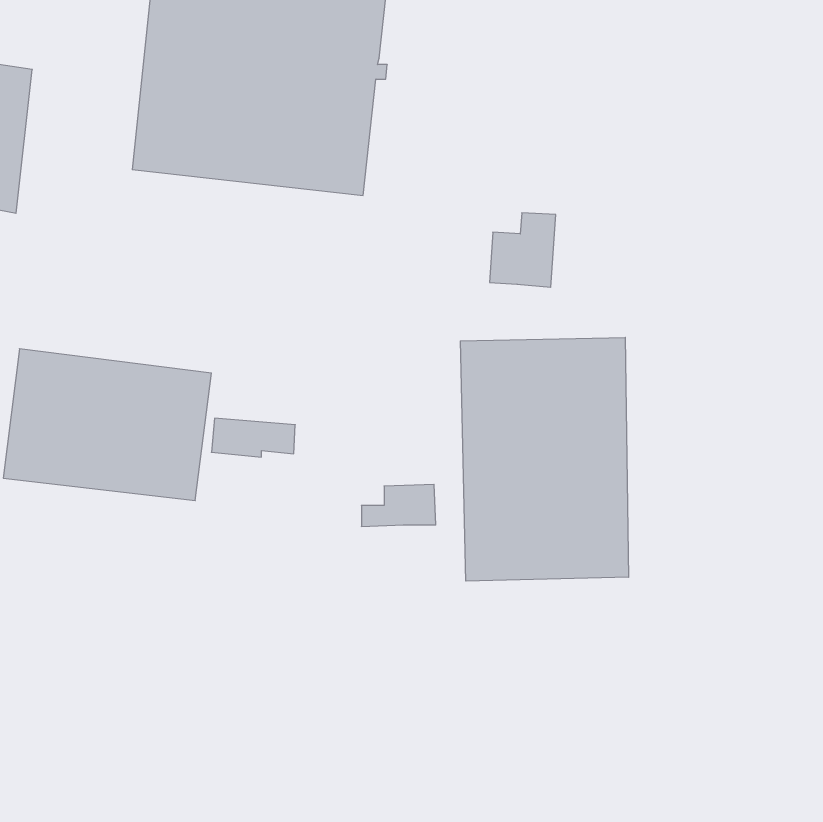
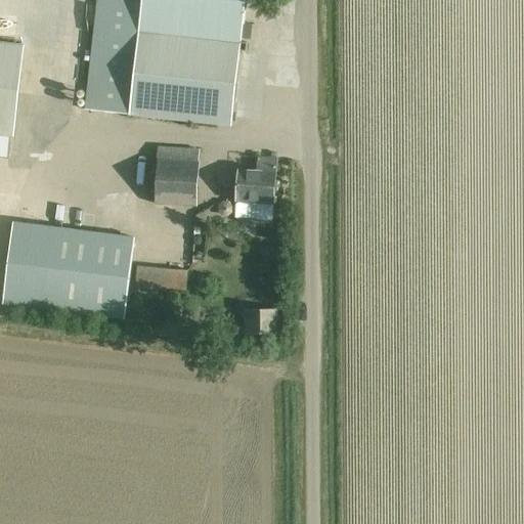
building: [490,213,556,287] -> [233,156,275,203]
building: none -> [154,145,199,205]
building: [460,337,629,581] -> none

